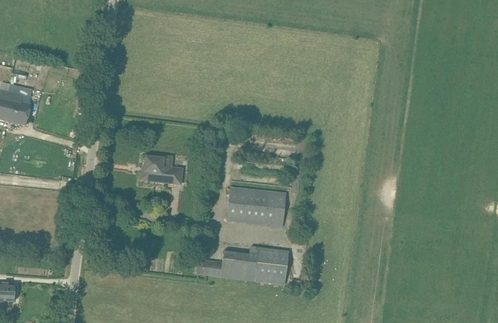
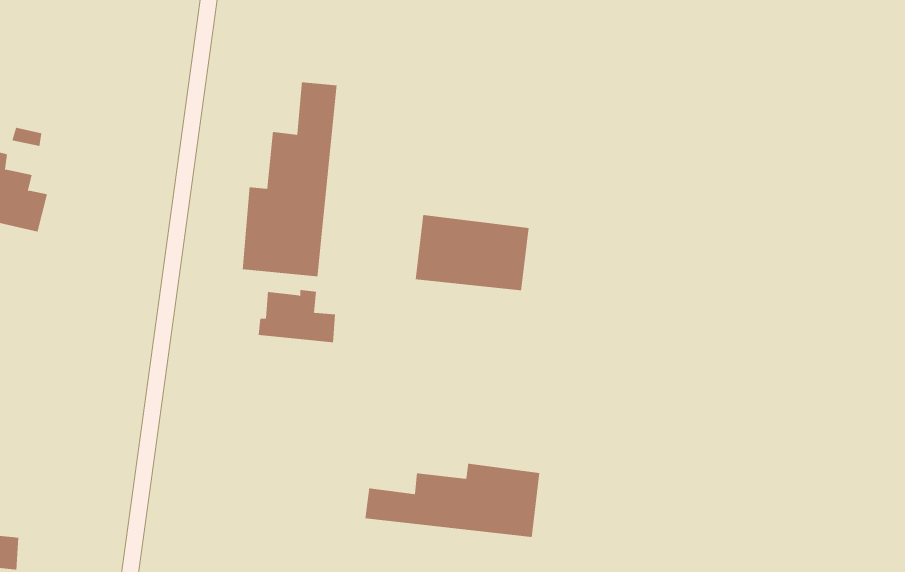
building: none -> [242,82,337,277]
building: [227,186,287,226] -> [415,215,529,291]

